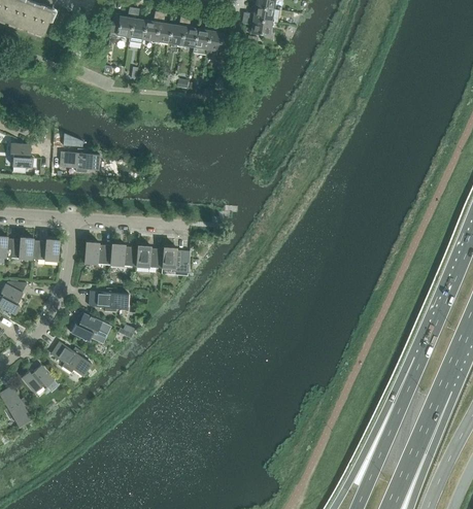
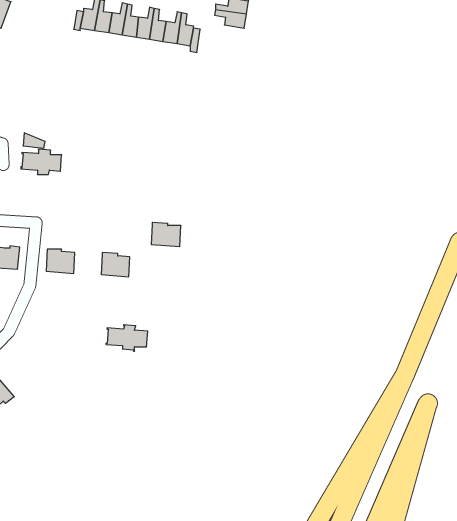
building: [109,243,136,266] -> none
building: [161,247,189,270] -> [151,222,181,247]
building: [89,287,128,312] -> [106,325,148,351]
building: [70,313,110,341] -> none
building: [50,342,91,375] -> none

